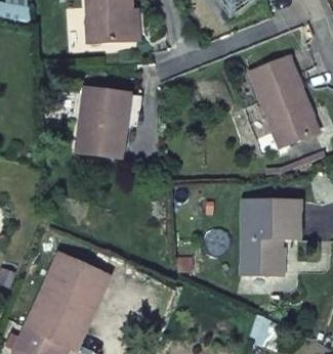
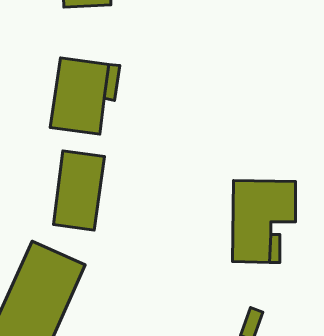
building: [250,55,318,145] -> none
building: none -> [53,151,105,230]

